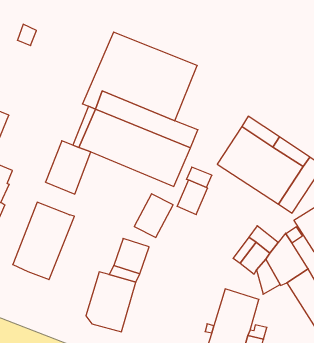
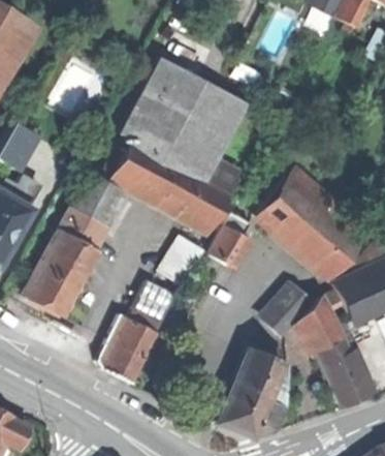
building: none -> [60,212,101,250]

